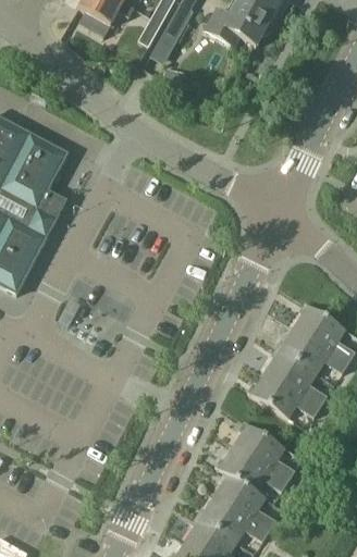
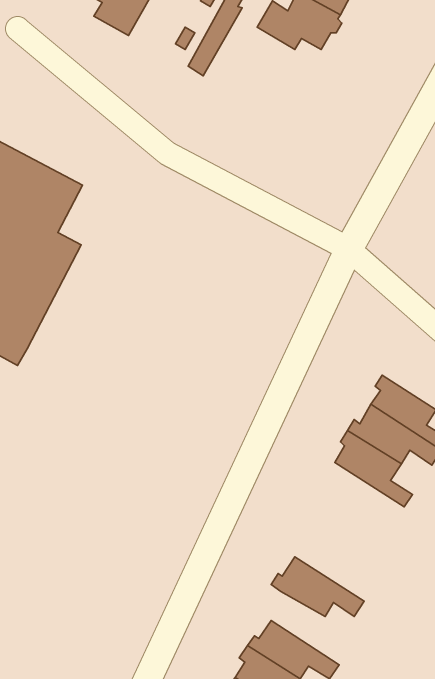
building: [245,370,320,417] -> none
building: [234,420,295,479] -> none
building: [216,471,274,529] -> none

